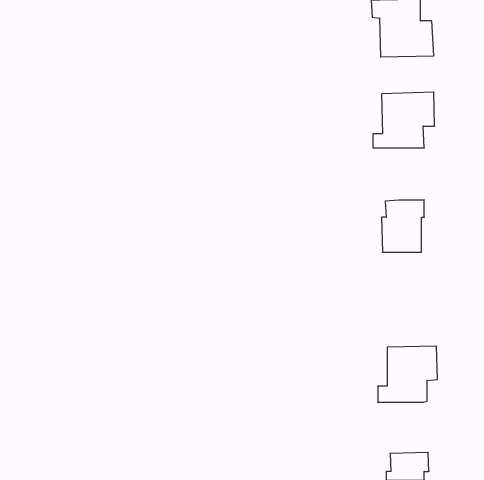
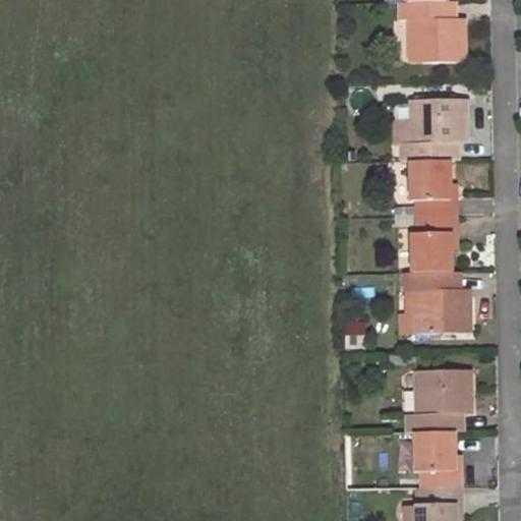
building: none -> [409,159,456,216]
building: none -> [403,271,469,333]
building: none -> [414,431,460,486]

